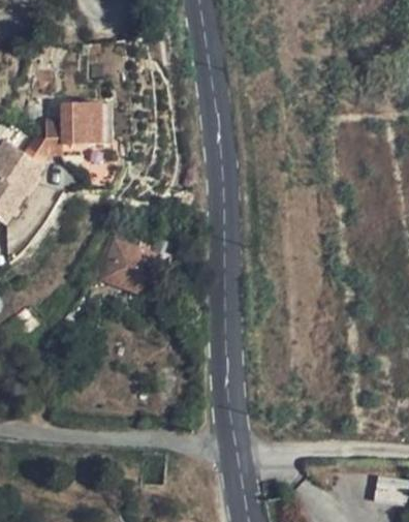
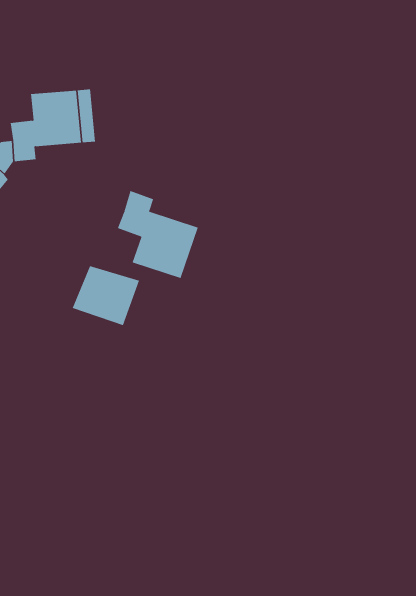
building: none -> [117,190,199,279]

